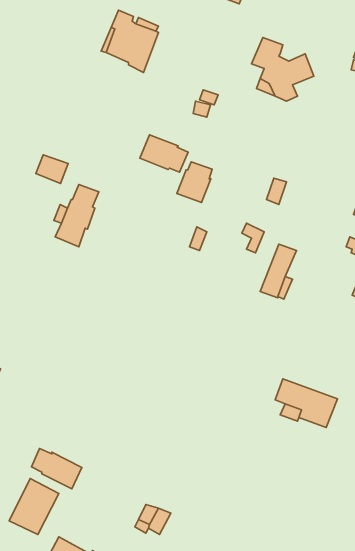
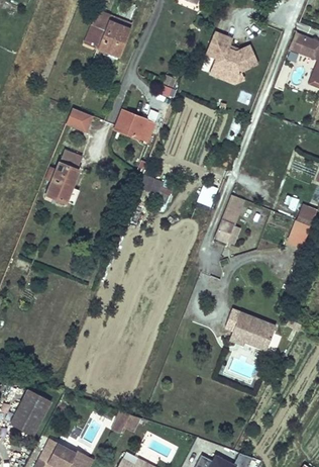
building: [36,155,68,183] -> [67,108,93,131]
building: [177,162,212,203] -> none
building: [31,448,82,489] -> none

